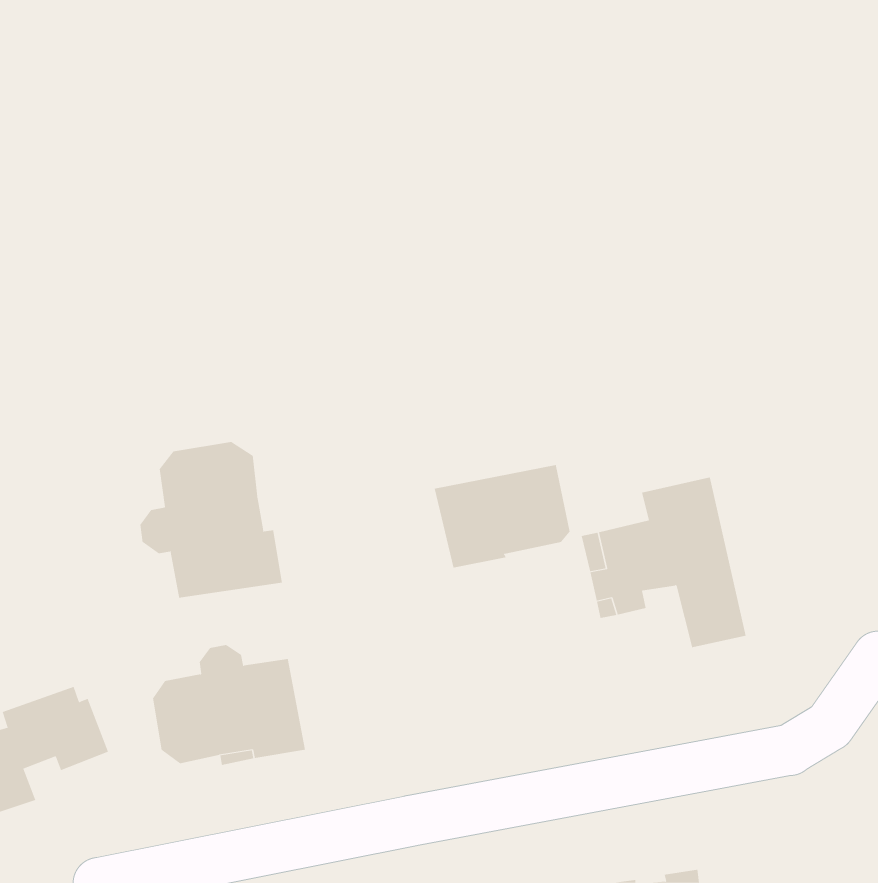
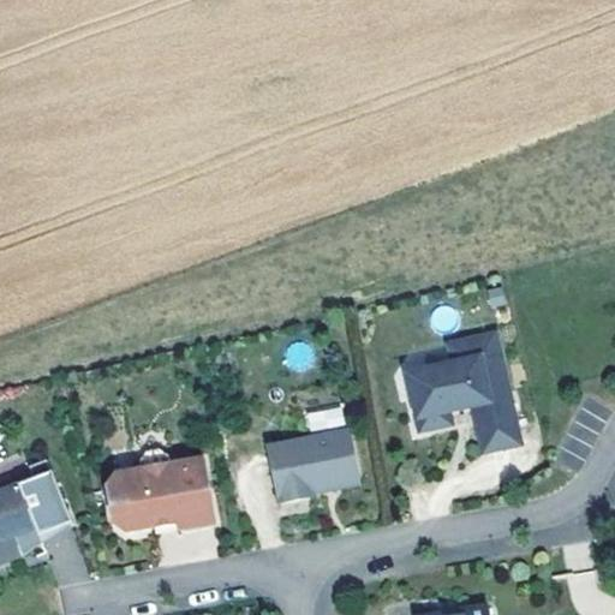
building: [140,441,282,598] -> none
building: [434,464,570,568] -> [263,429,358,501]

